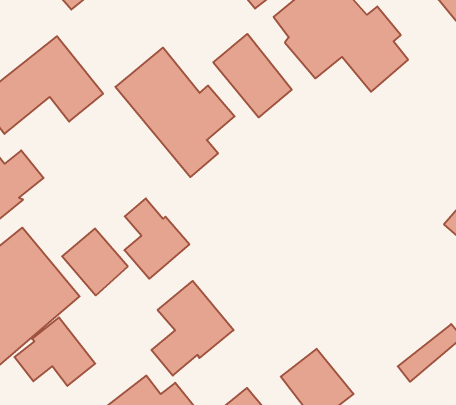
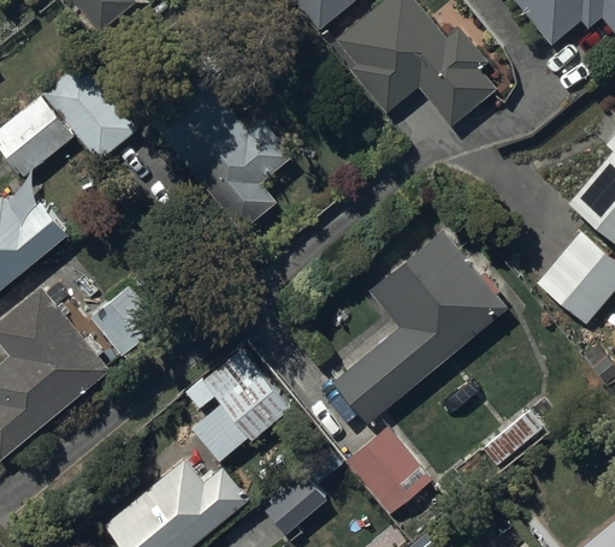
building: [213,34,292,117] -> none
building: none -> [335,230,505,422]
building: [124,198,189,279] -> none
building: [14,317,95,386] -> none

